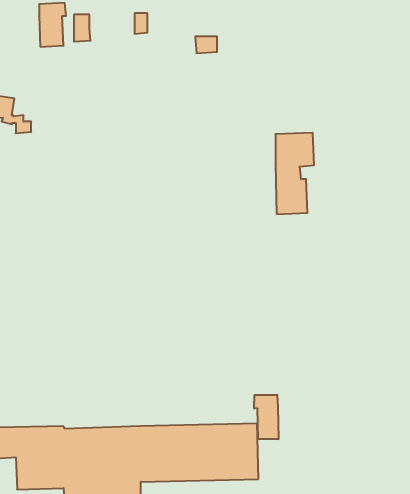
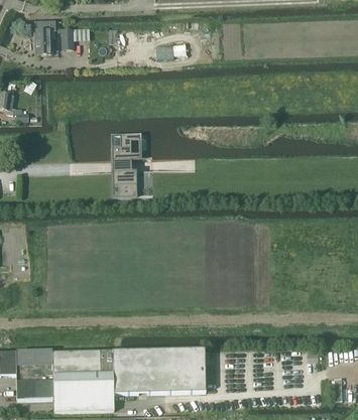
building: [275,133,314,214] -> [112,133,142,196]
building: [254,395,278,439] -> none

